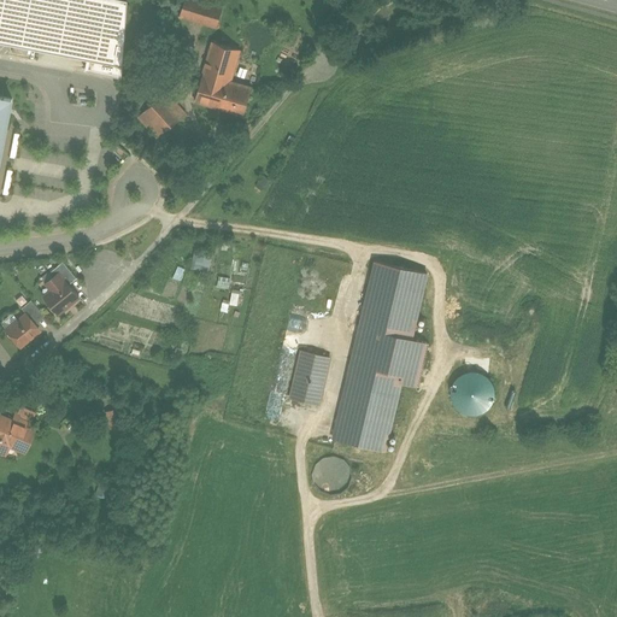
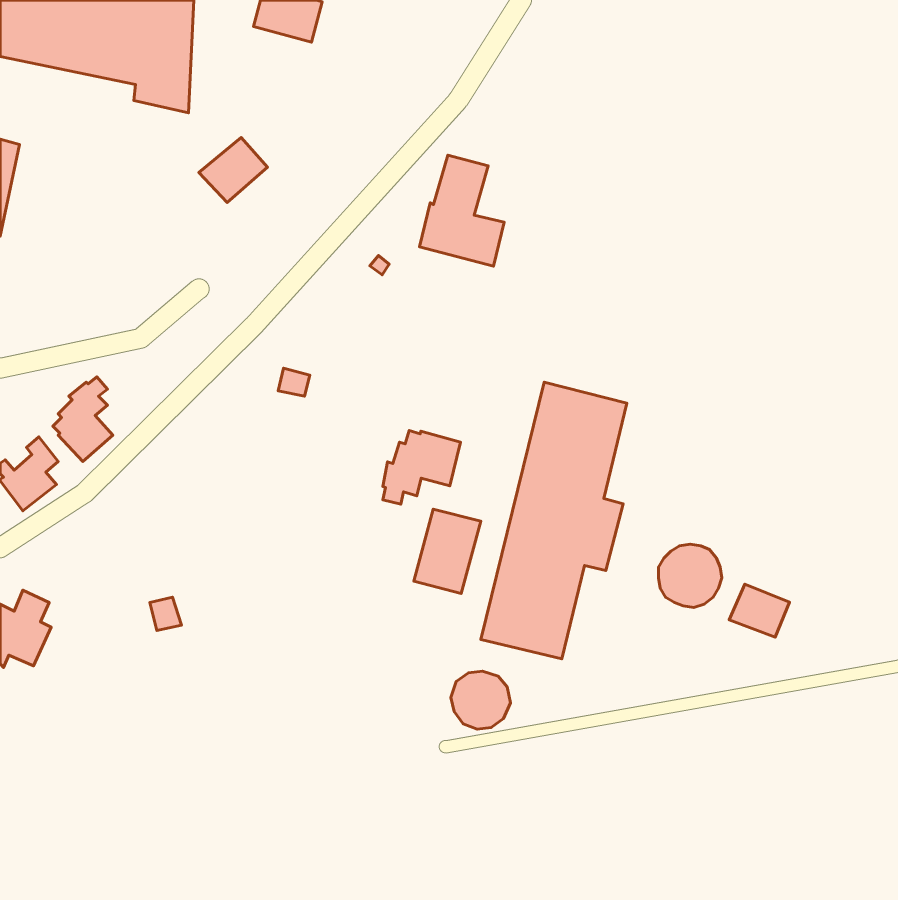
building: [192,40,249,116] -> [420,155,504,266]
building: none -> [383,431,461,504]
building: none -> [729,584,790,637]

